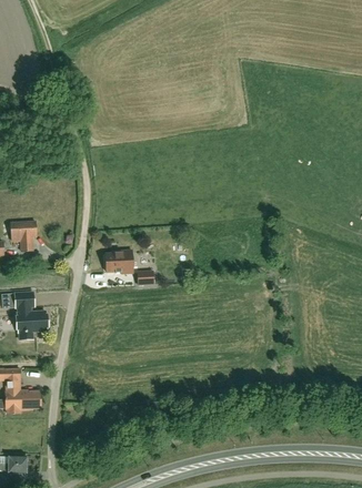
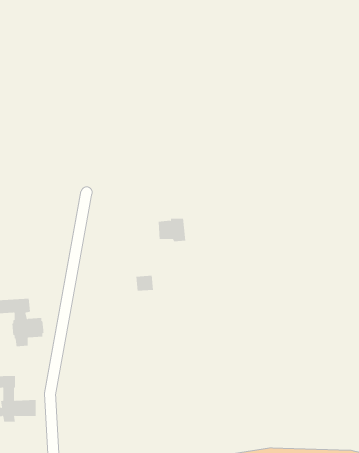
building: [10,221,36,251] -> none
building: [105,250,133,273] -> [158,218,186,242]

